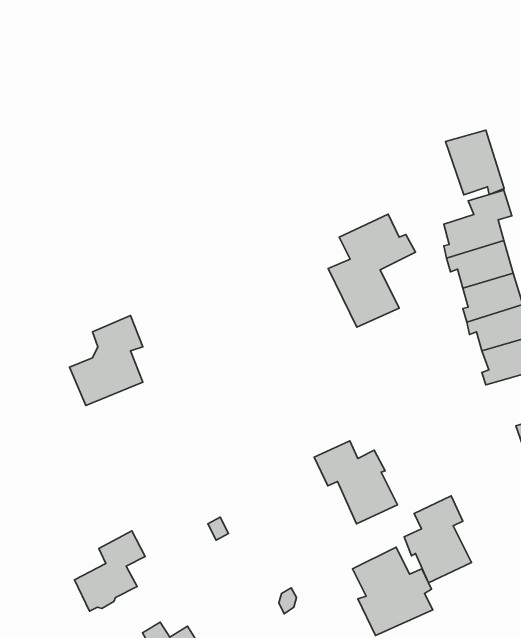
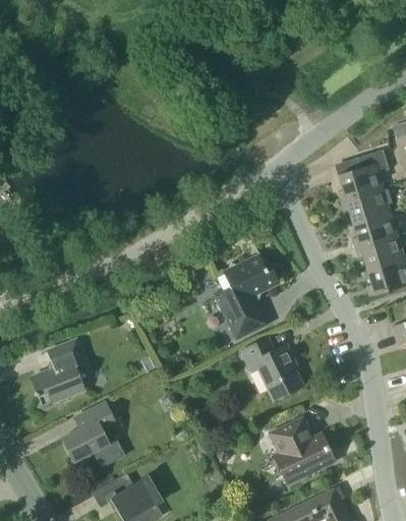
building: [446,130,504,195] -> none
building: [328,214,416,327] -> [215,253,280,338]
building: [69,315,143,405] -> [30,342,84,409]
building: [404,496,471,583] -> none

